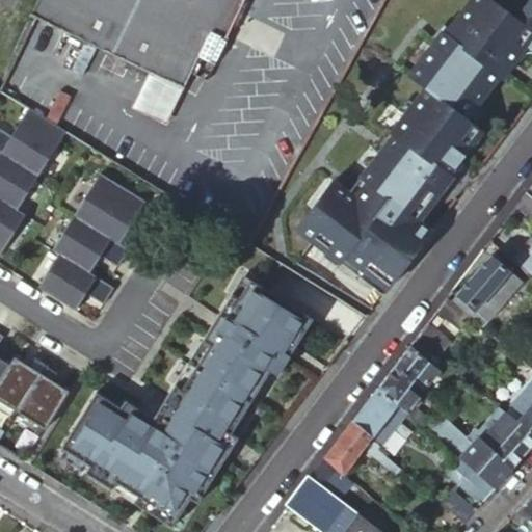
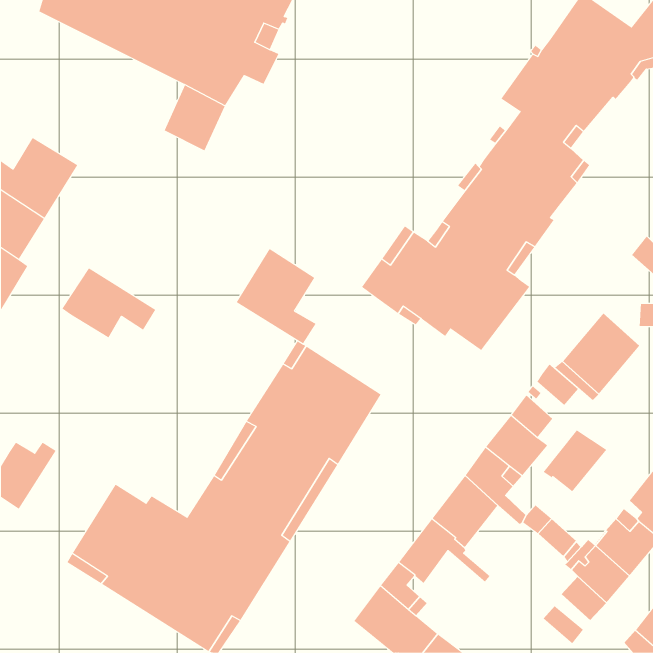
building: [73,174,138,251] -> [236,248,316,344]
building: [37,256,113,312] -> none
building: none -> [543,430,607,492]
building: [17,366,69,431] -> none

